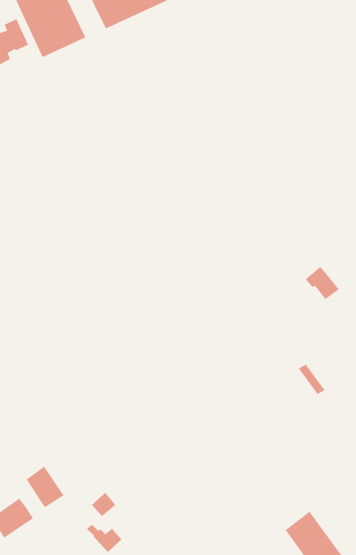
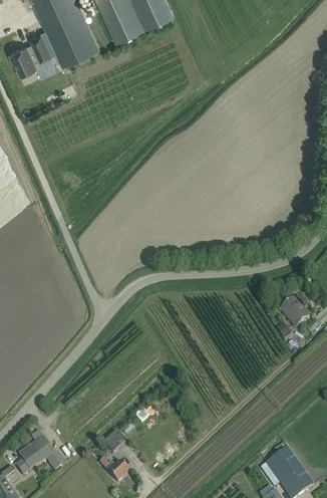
building: [305,266,340,300] -> [280,297,309,325]
building: [26,466,64,508] -> none

